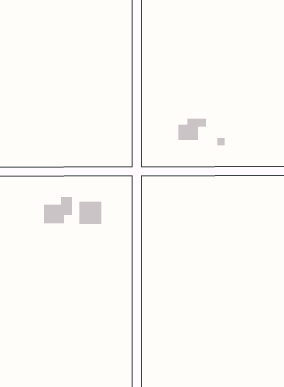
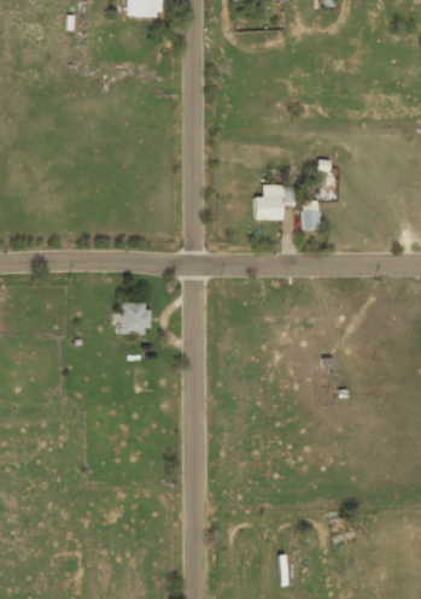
building: [43,196,73,224] -> none

